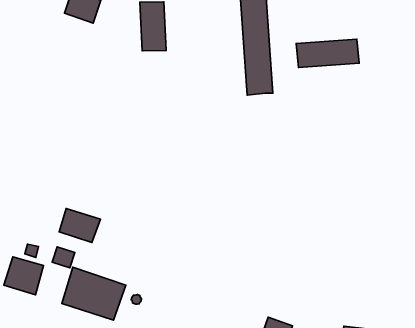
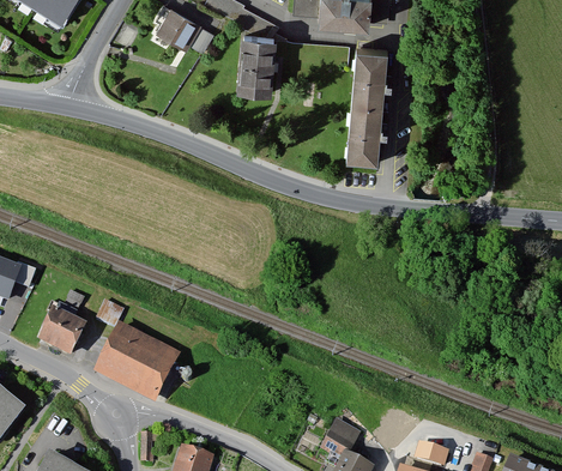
building: [296,39,359,67] -> none
building: [59,208,100,243] -> none

